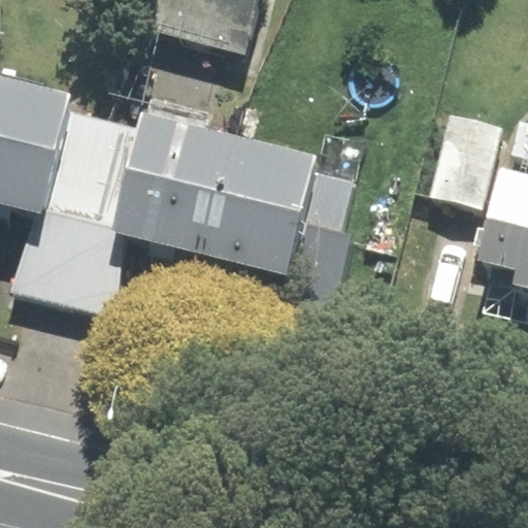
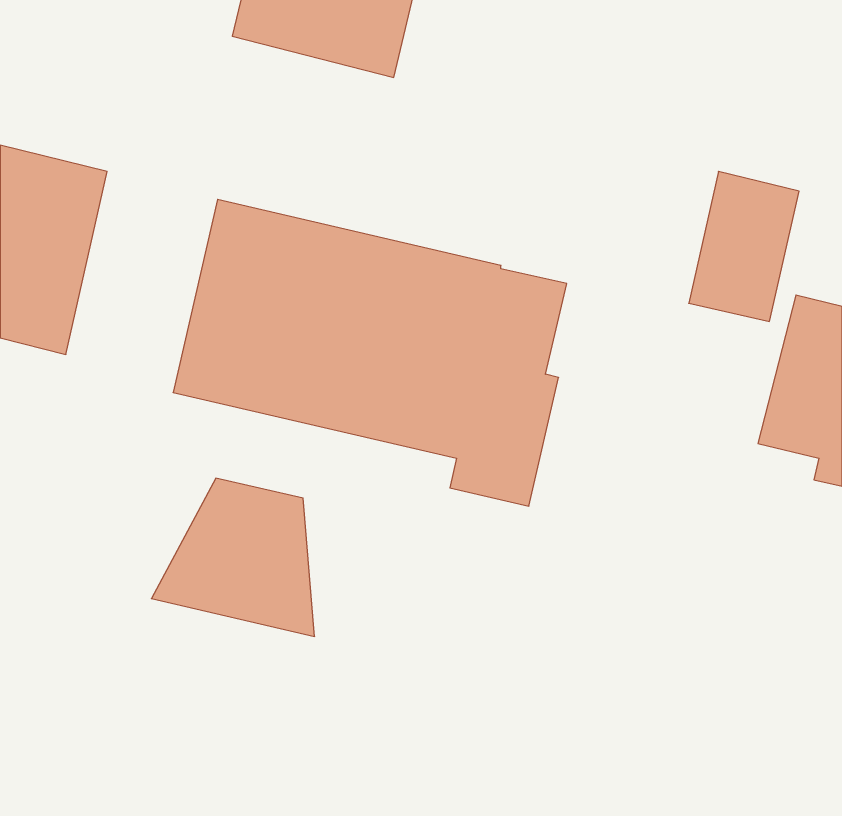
building: [7,213,109,312] -> [151,478,315,636]

